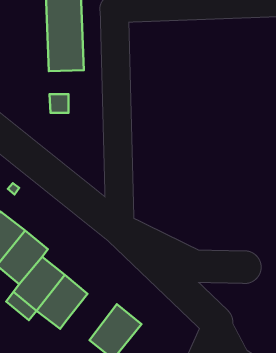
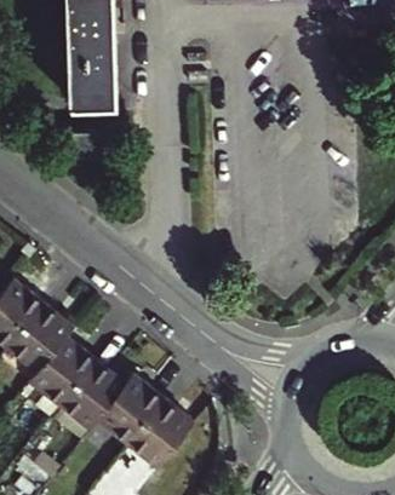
building: none -> [96,376,161,445]

